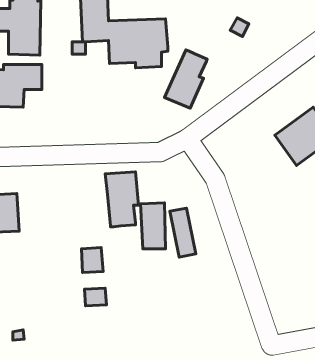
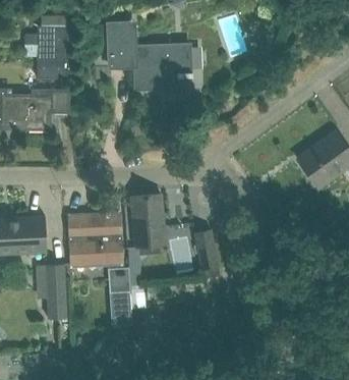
building: [164,50,207,108] -> none
building: none -> [69,211,121,267]
building: none -> [46,264,66,319]

